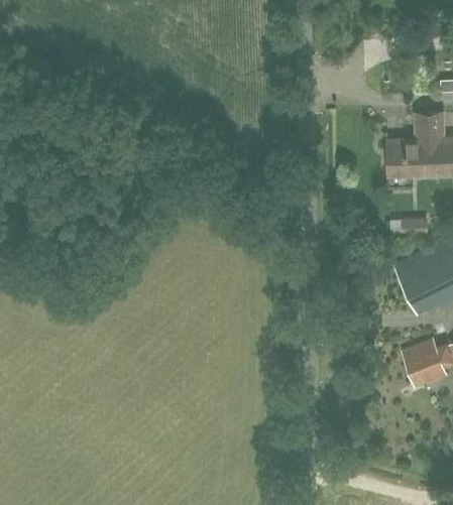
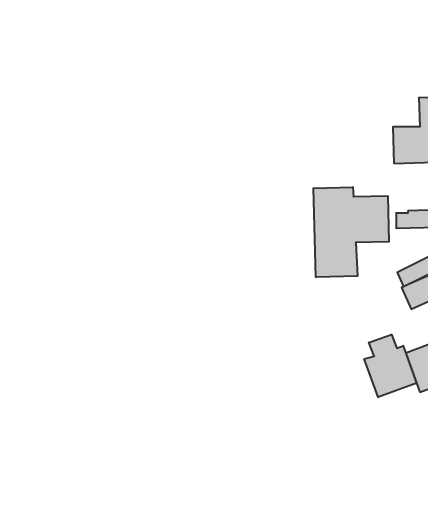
building: none -> [314,187,389,277]
building: none -> [364,335,416,397]

